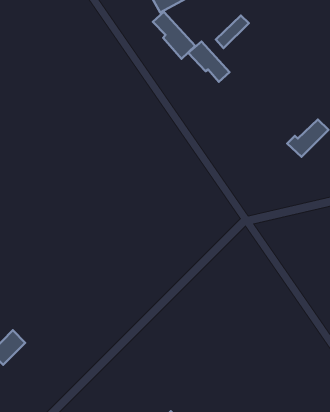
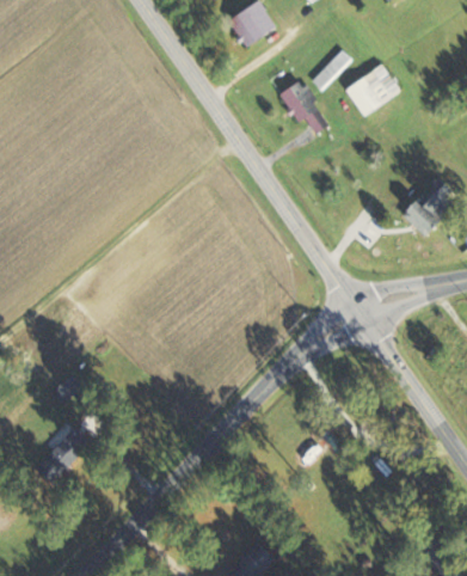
building: [153,12,195,59] -> none
building: none -> [345,63,401,117]

